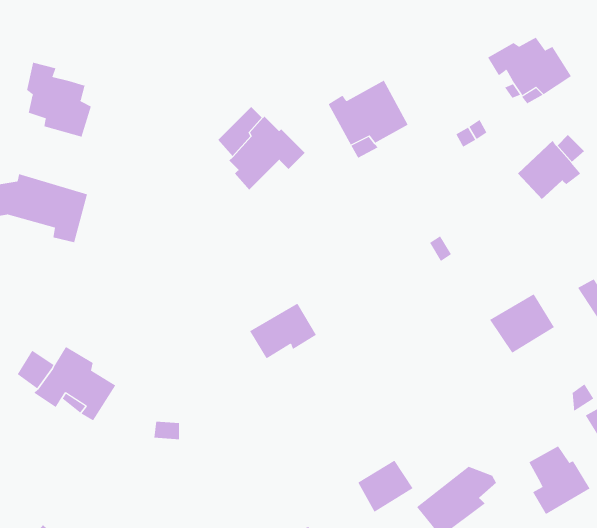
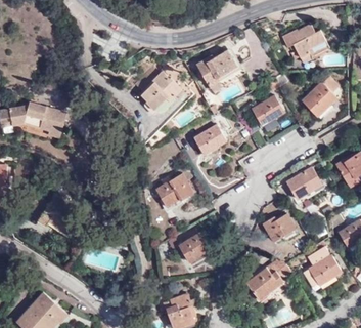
building: [26,62,91,137] -> none
building: none -> [251,96,285,127]
building: none -> [193,125,226,153]
building: none -> [264,214,297,242]
building: [357,460,414,512] -> [180,234,211,262]

